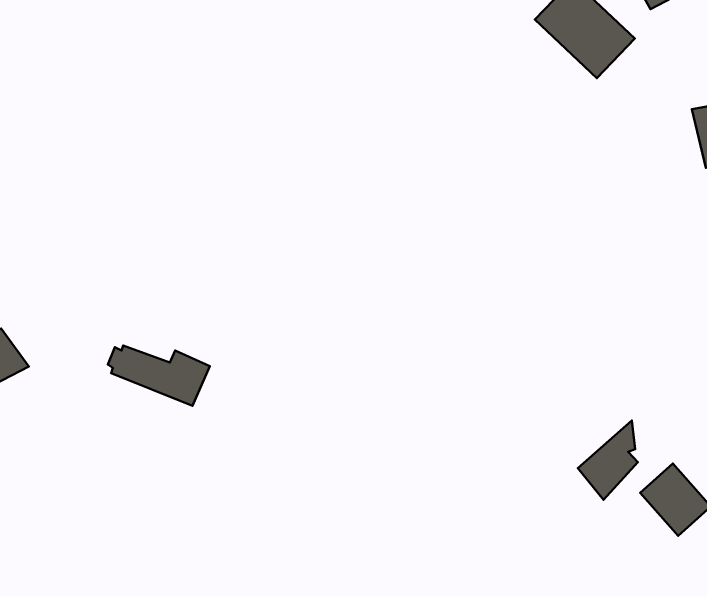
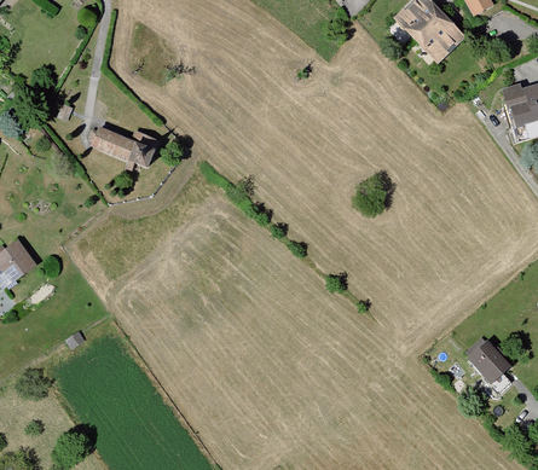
building: [108,345,210,406] -> [88,123,160,166]
building: [578,421,638,500] -> none

